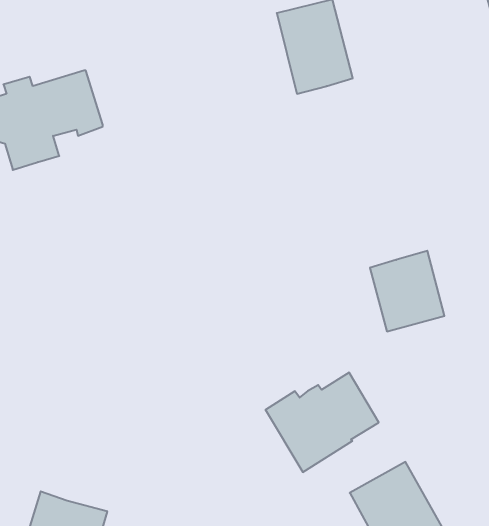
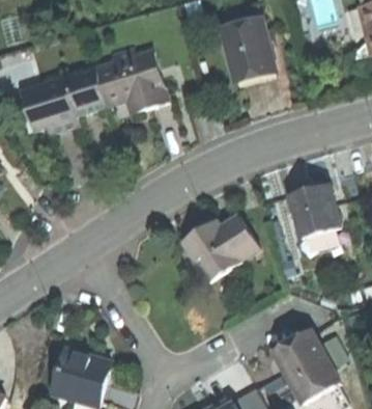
building: none -> [95,48,167,109]
building: [265,373,379,472] -> [181,214,257,280]

